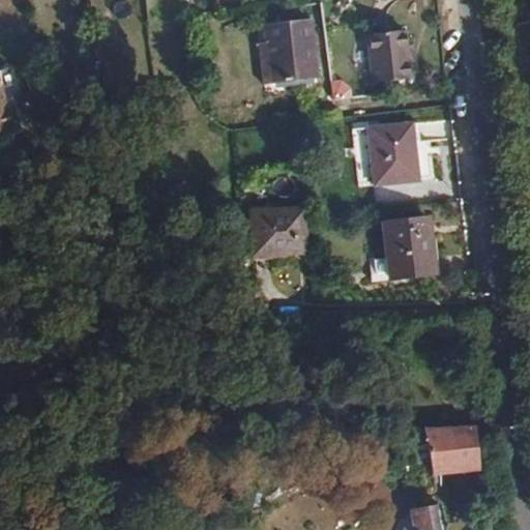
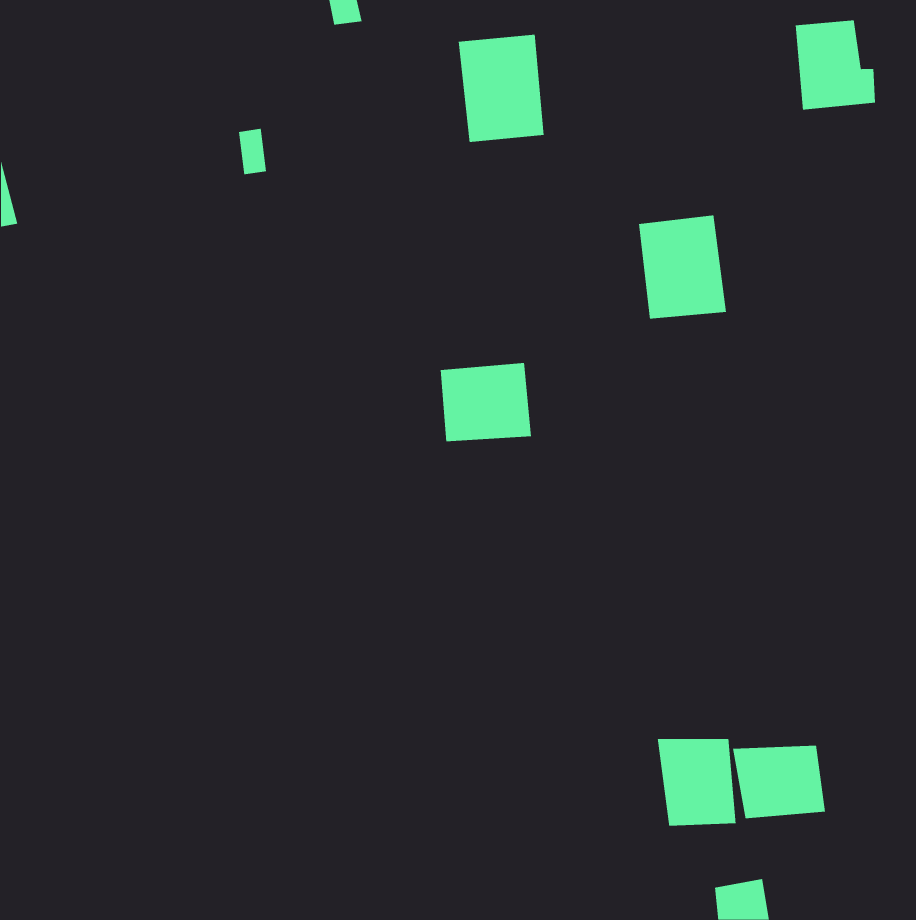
building: [369,29,415,81] -> [795,20,876,110]
building: [382,219,432,277] -> none
building: none -> [657,738,736,826]

